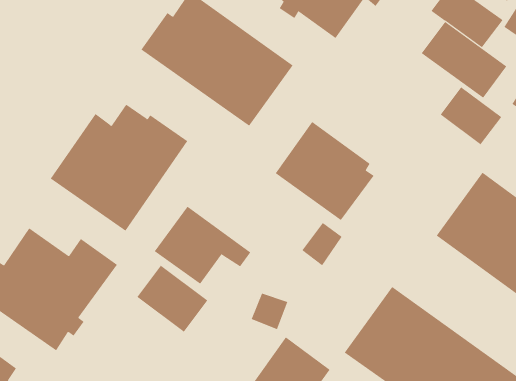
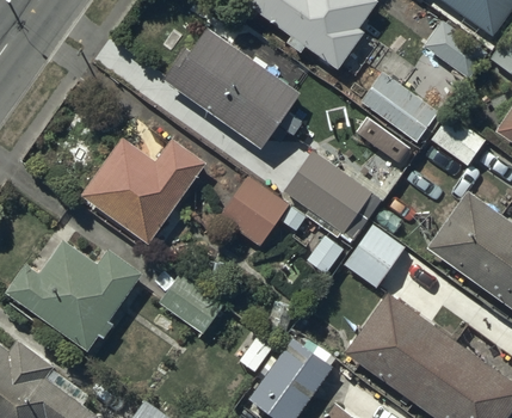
building: [421,21,507,98] -> [360,72,438,141]
building: [154,206,251,284] -> [218,176,306,246]
building: none -> [344,225,406,288]

